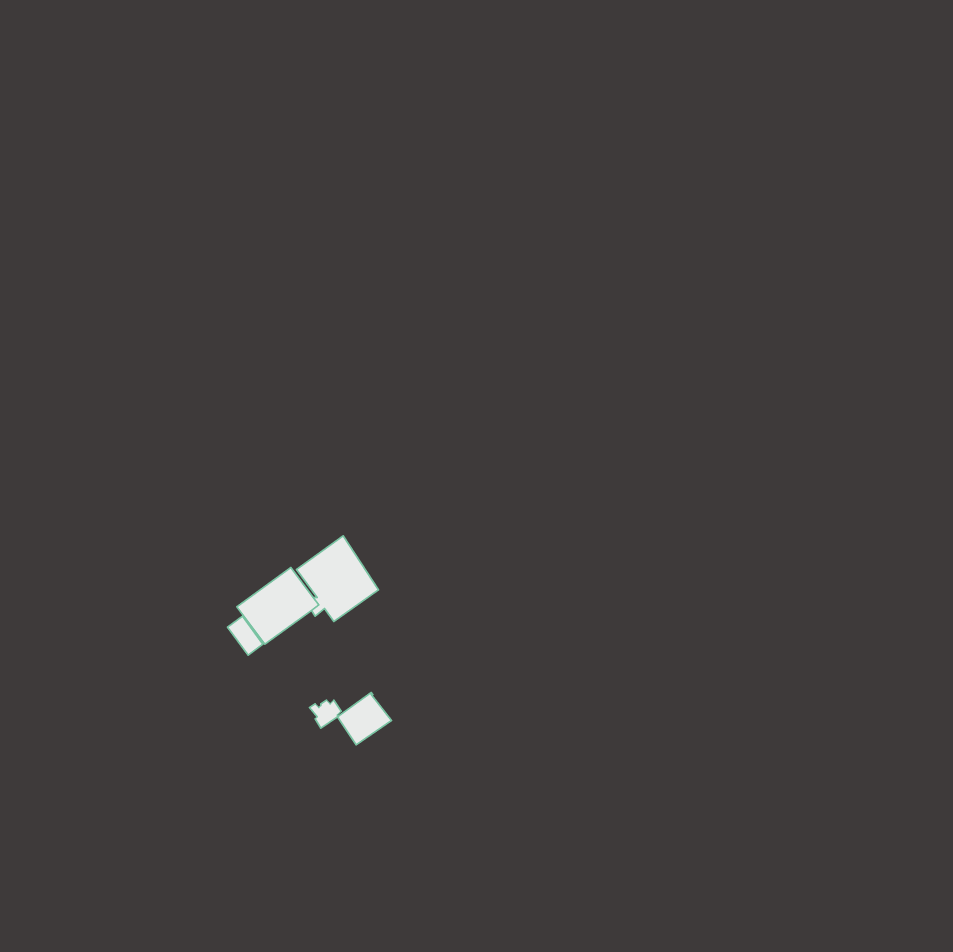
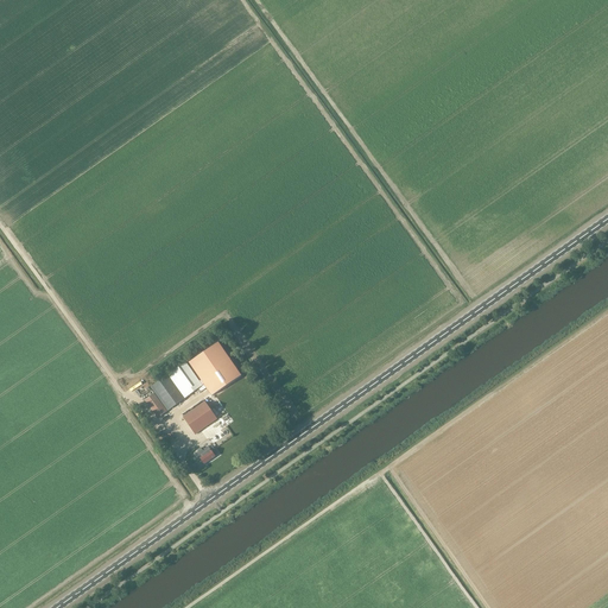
building: [338,693,392,745] -> [183,400,217,433]

